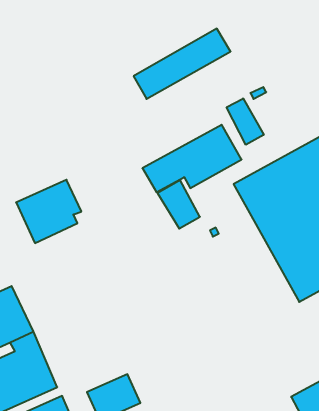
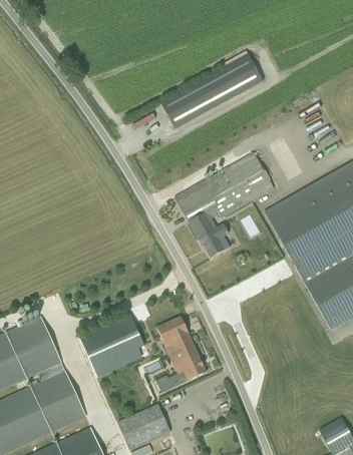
building: [227,98,264,145] -> none
building: [16,180,81,243] -> [77,314,143,378]
building: none -> [147,317,206,392]

